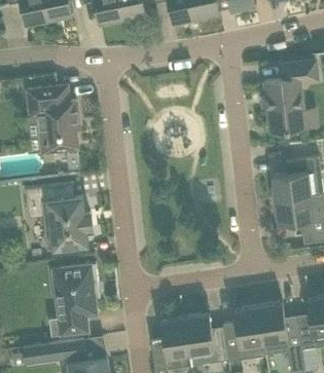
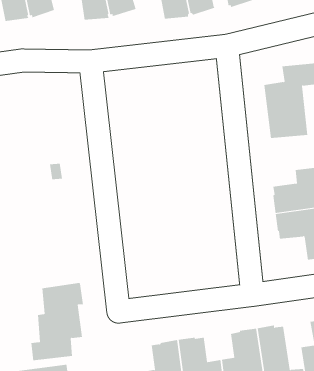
building: [28,86,78,152] -> none
building: [26,183,92,251] -> none

